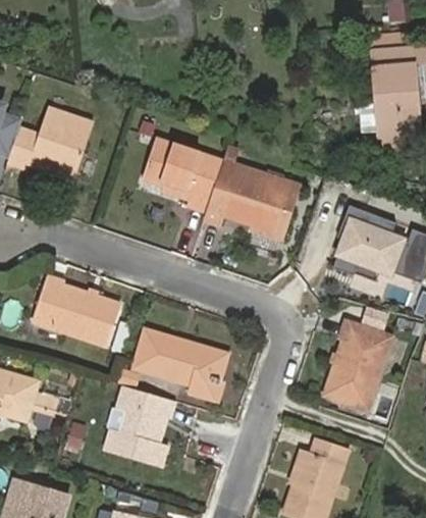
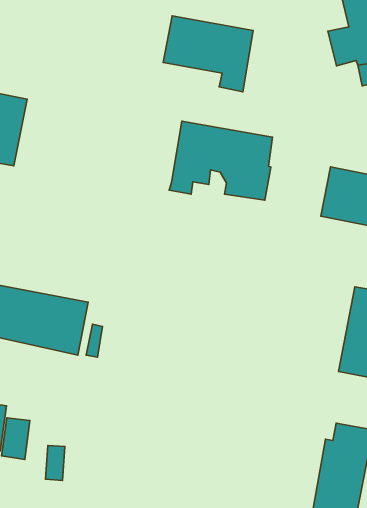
building: [142,138,222,211] -> [163,16,253,92]
building: [134,328,226,399] -> none
building: [105,384,170,466] -> none

